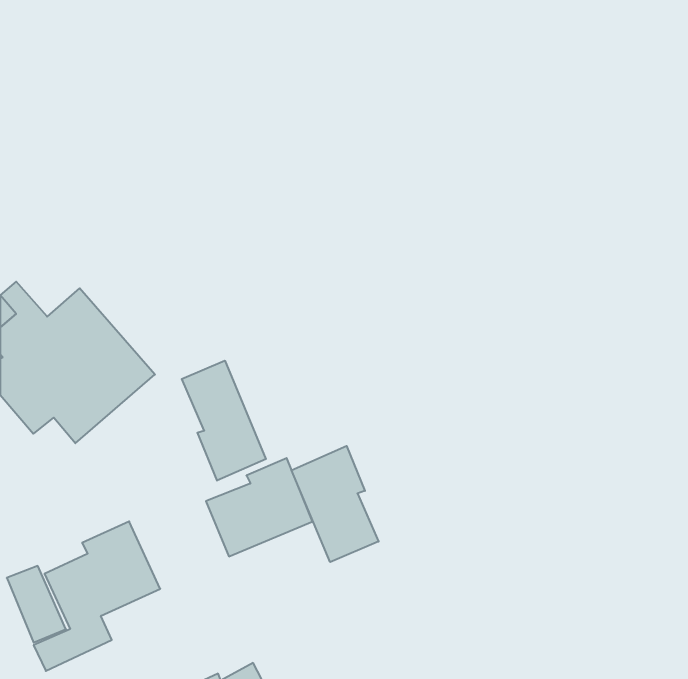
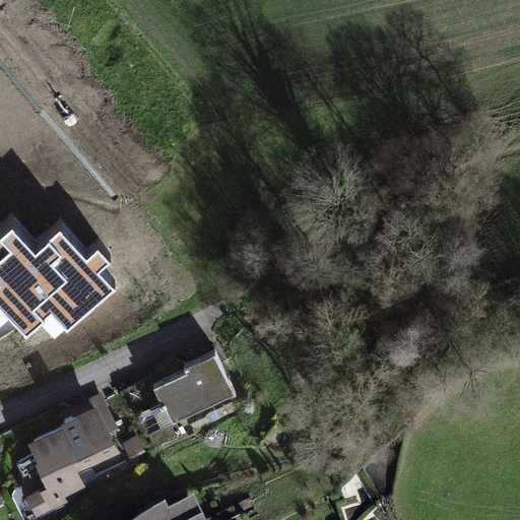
building: [182,361,266,481] -> none
building: [292,446,379,562] -> none

